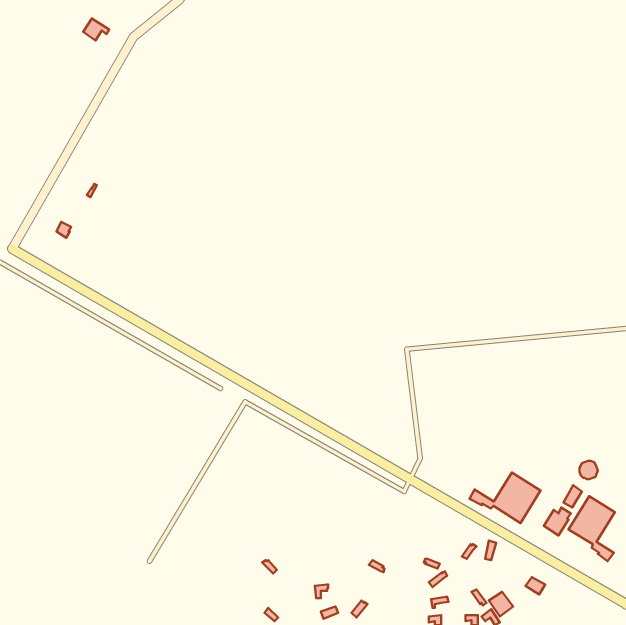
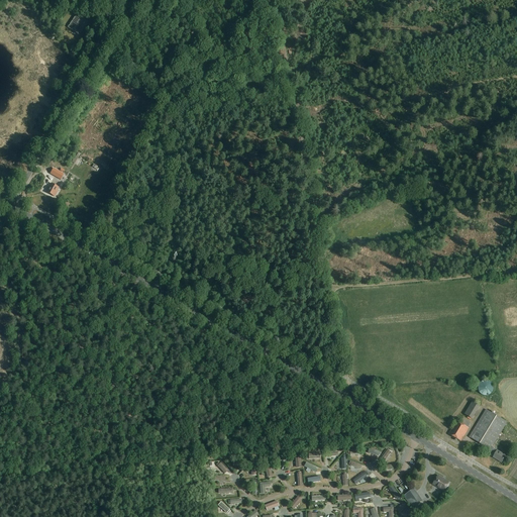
building: [470,473,541,523] -> none

